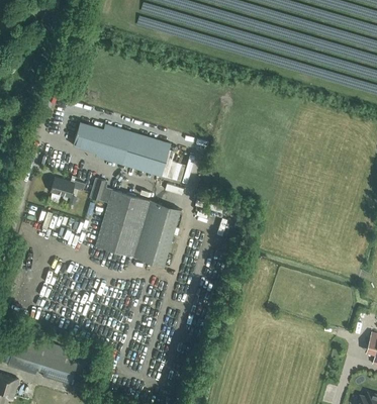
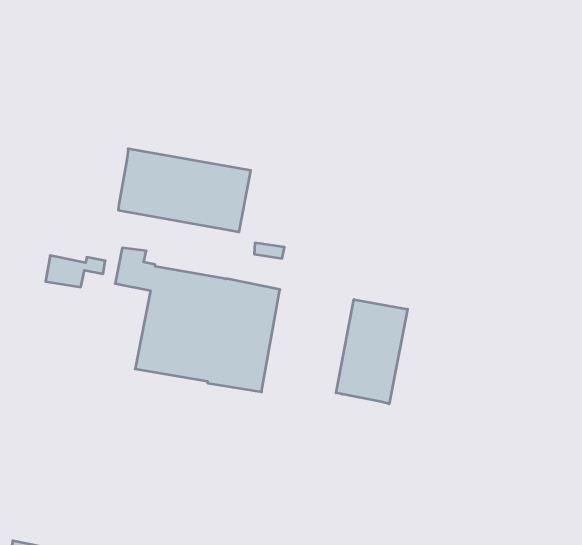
building: [73,121,103,153] -> none
building: none -> [336,299,408,404]

